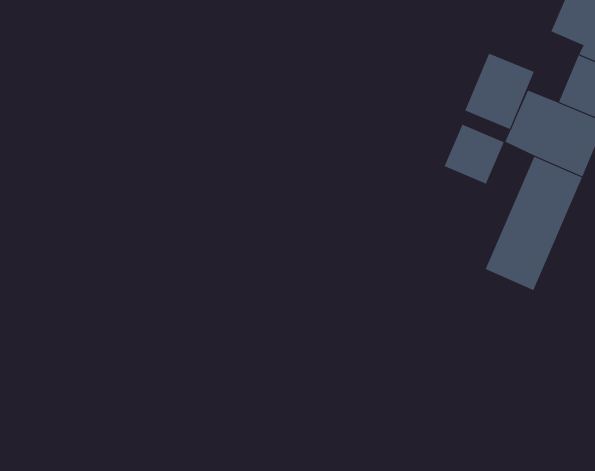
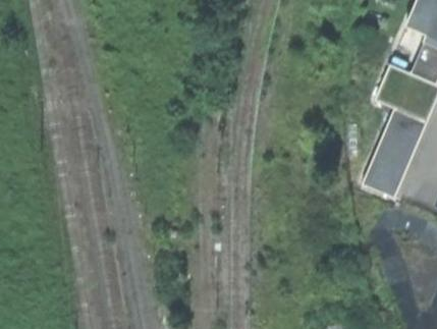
building: [465,53,534,130] -> none
building: [444,124,505,185] -> none

